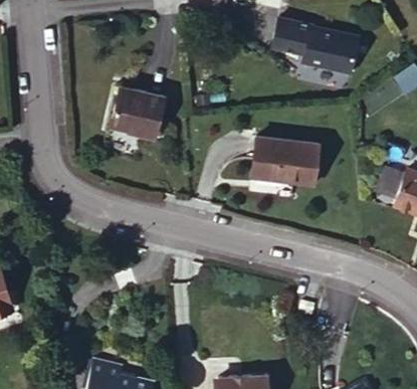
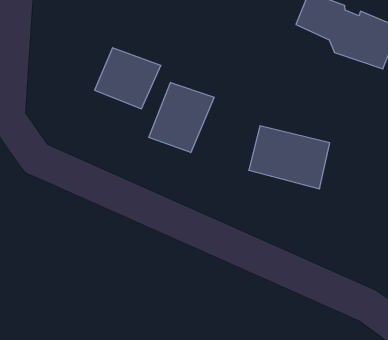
building: none -> [149,82,214,153]

